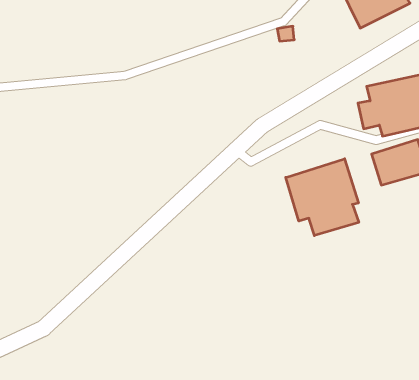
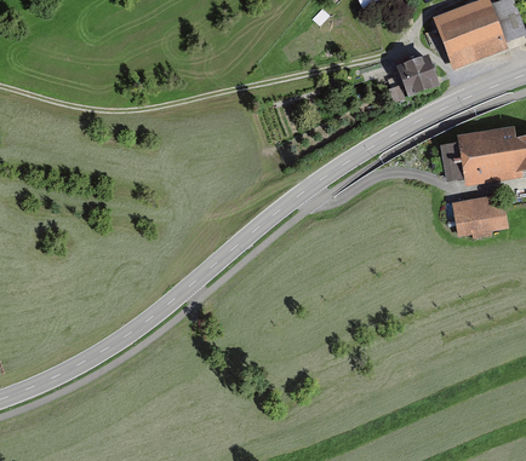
building: none -> [394,56,439,98]
building: [286,159,359,236] -> none

